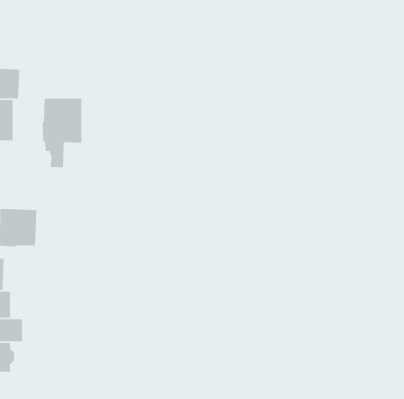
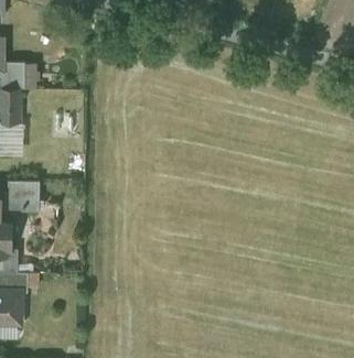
building: [42,98,82,168] -> none

